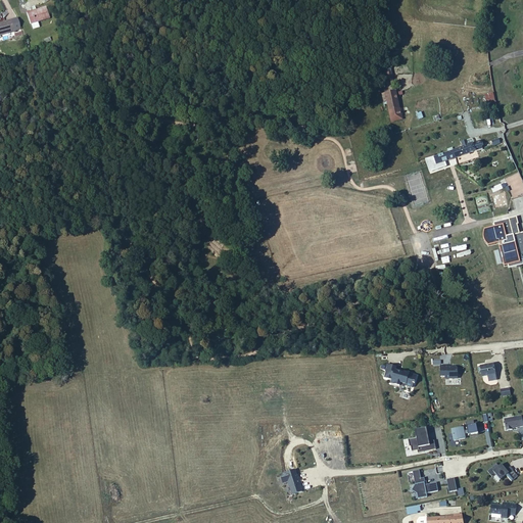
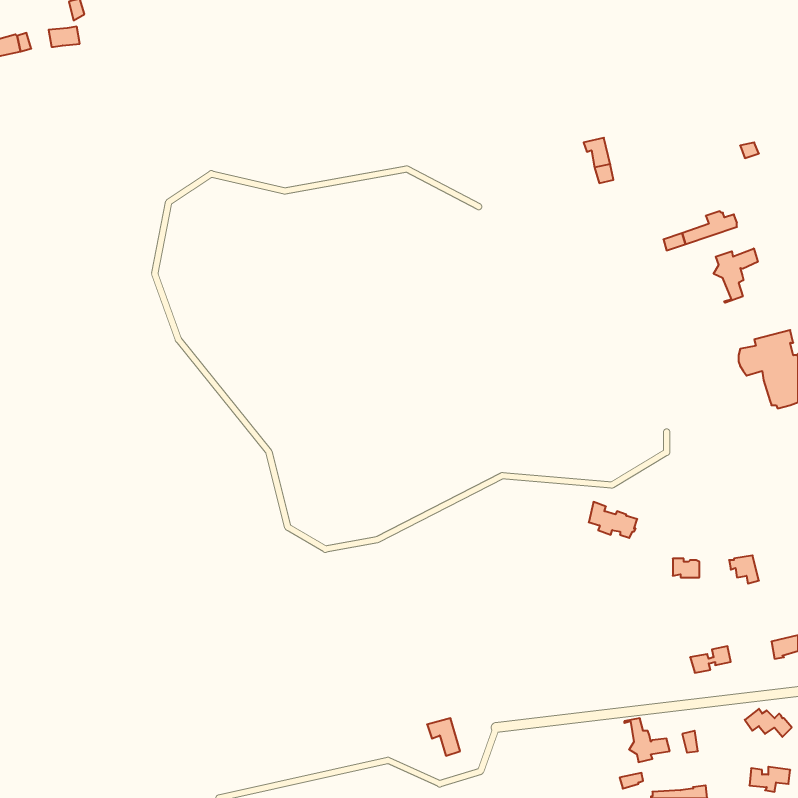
building: none -> [714,248,758,303]
building: [384,364,416,387] -> [589,502,637,538]
building: [408,425,435,450] -> none

